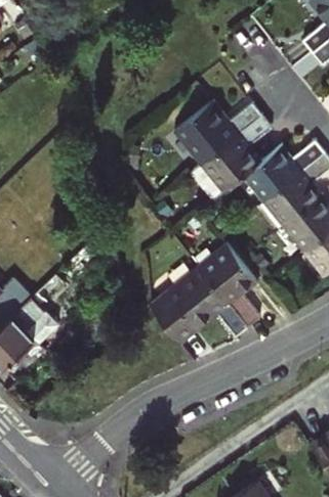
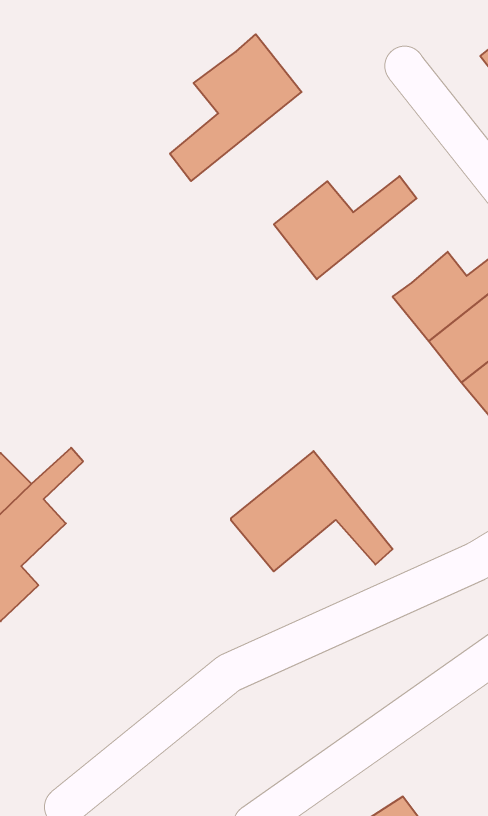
building: none -> [170,34,302,181]
building: [202,120,272,196] -> none
building: [200,247,259,328] -> none

